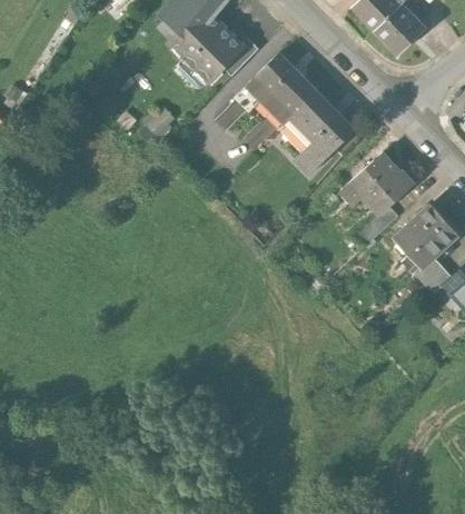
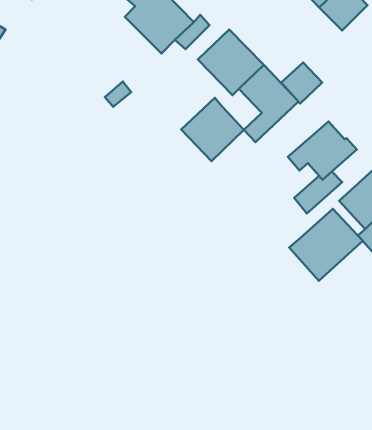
building: none -> [281,63,322,103]
building: none -> [181,98,244,161]
building: none -> [289,209,363,281]

